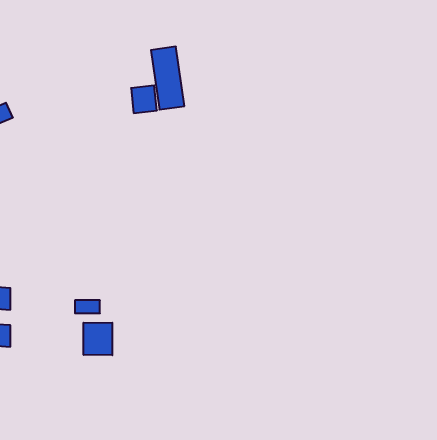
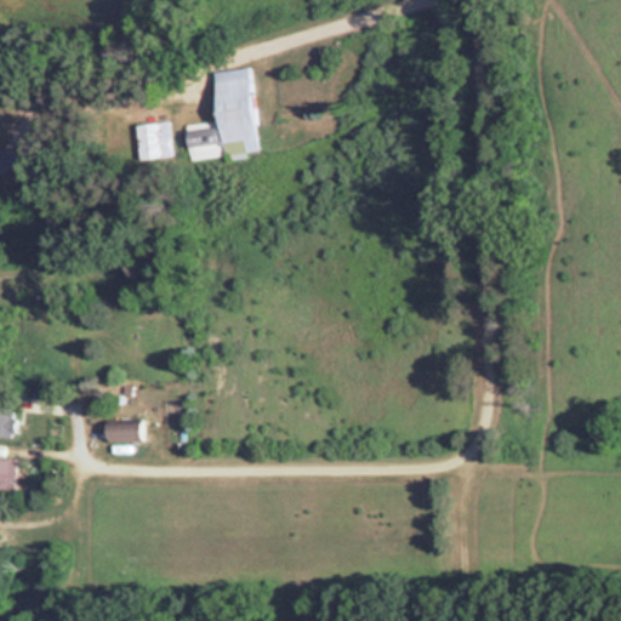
building: none -> [135,121,171,159]
building: [84,323,112,355] -> none

